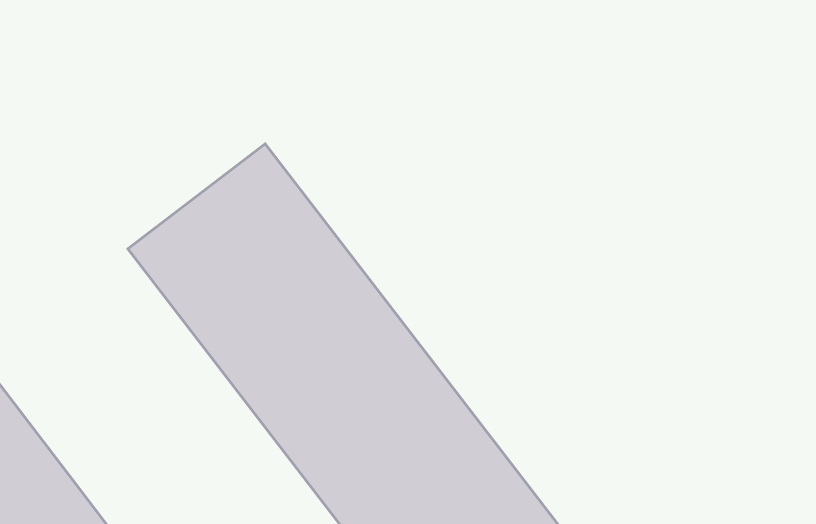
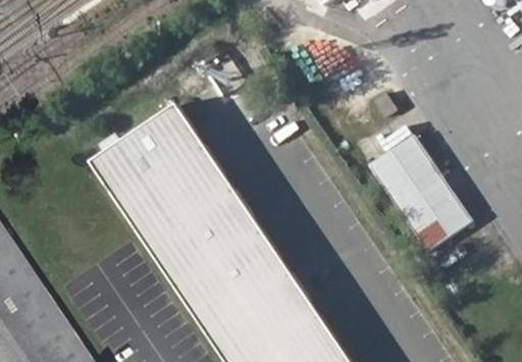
building: none -> [369,136,471,252]

